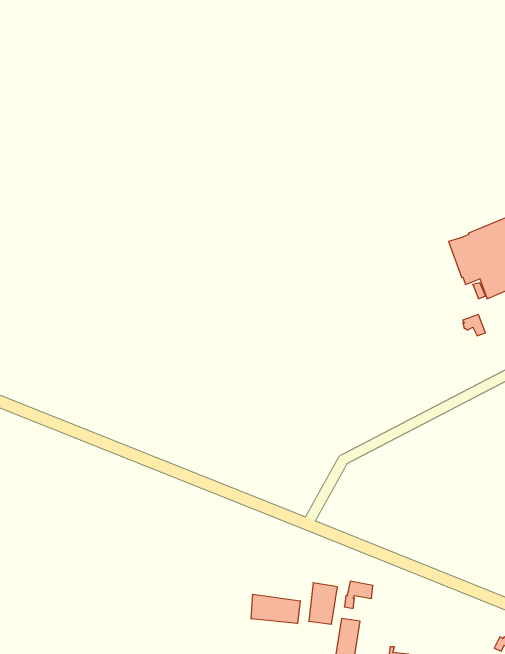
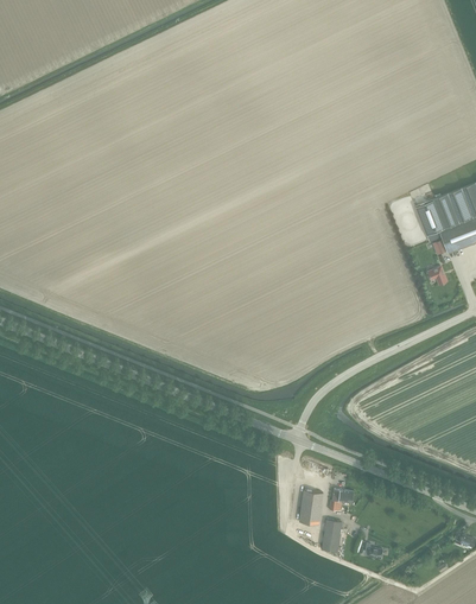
building: [251,594,300,624] -> none

